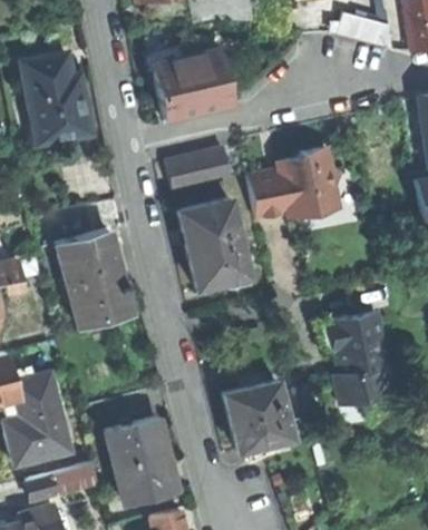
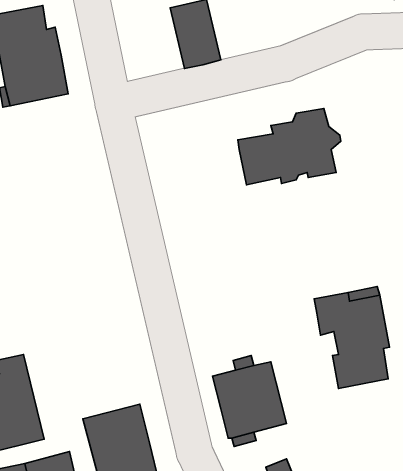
building: [150,55,198,118] -> none
building: [166,147,231,190] -> none
building: [176,197,247,288] -> none
building: [57,230,129,328] -> none

